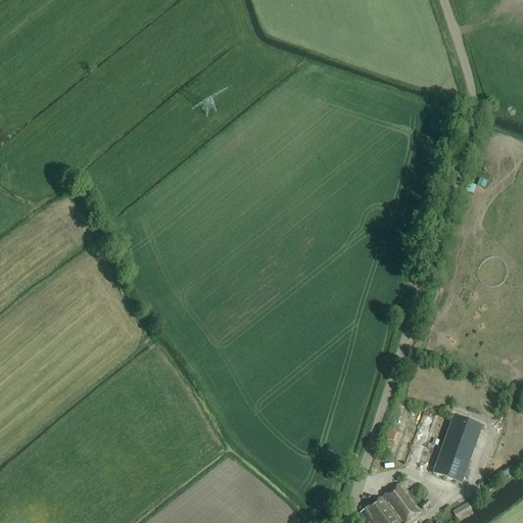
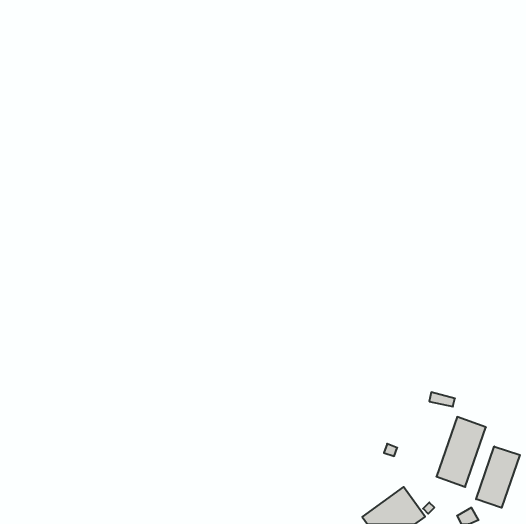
building: none -> [476,446,520,508]

